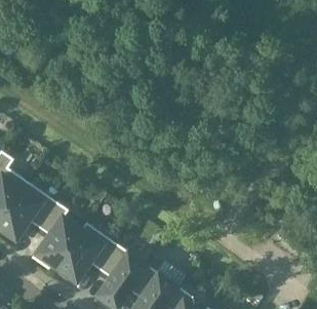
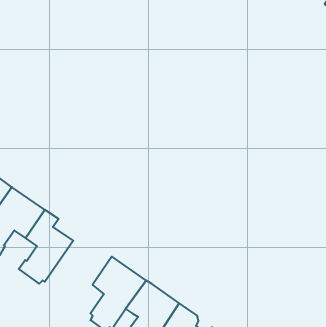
building: [55,223,116,285] -> none

